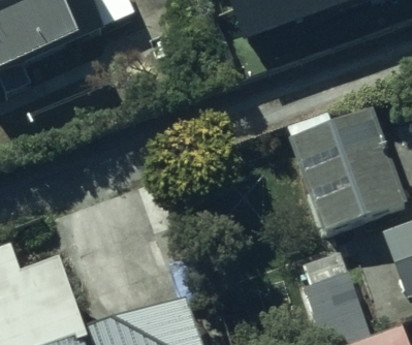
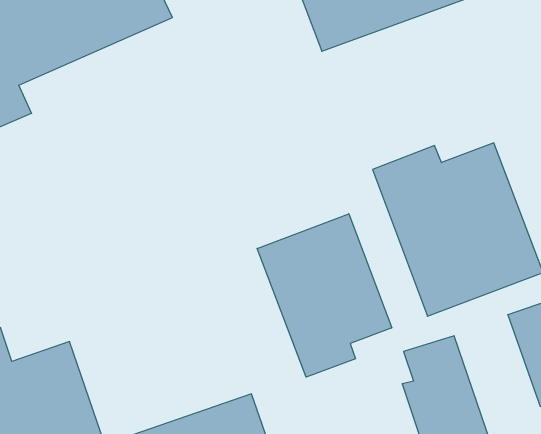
building: none -> [257,214,392,377]

